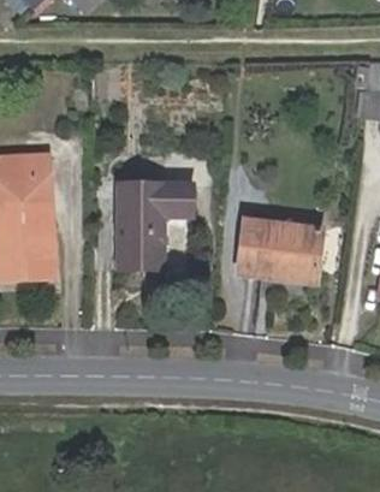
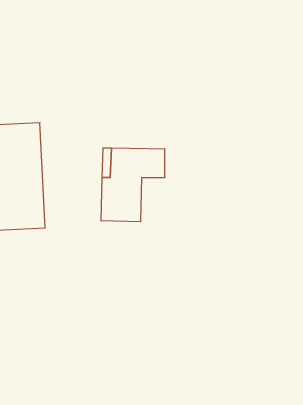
building: [241,219,322,279] -> none

